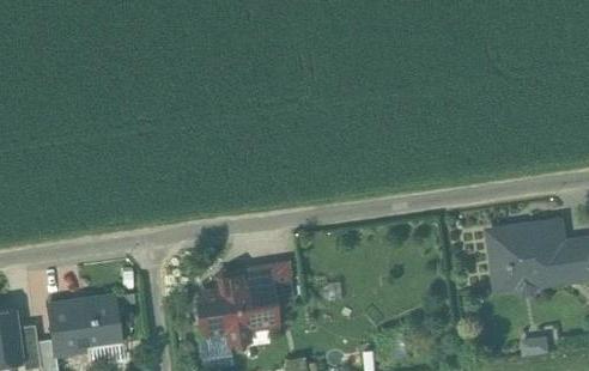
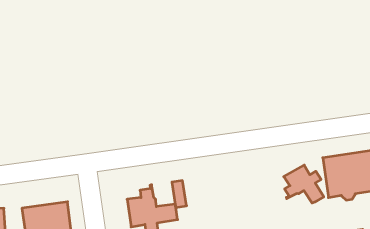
building: none -> [284,165,324,203]
building: [237,268,272,304] -> none

